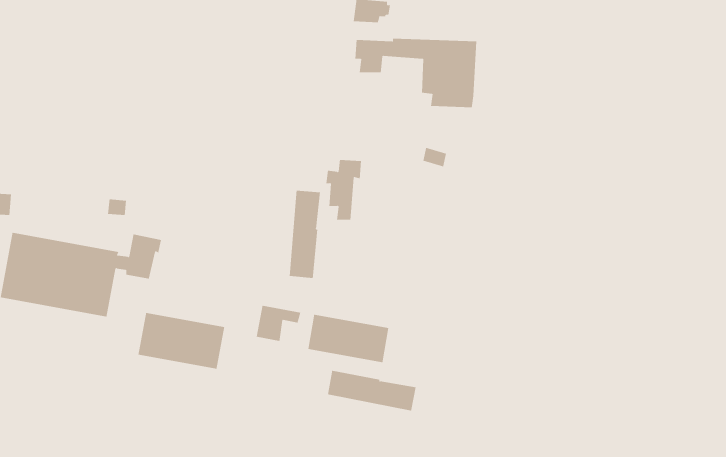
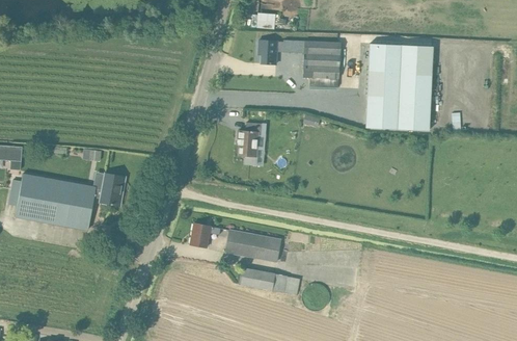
building: none -> [364,44,432,131]
building: [289,190,320,279] -> none
building: [138,312,225,370] -> none

